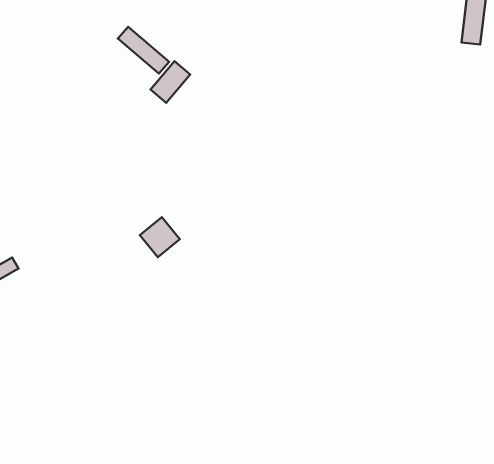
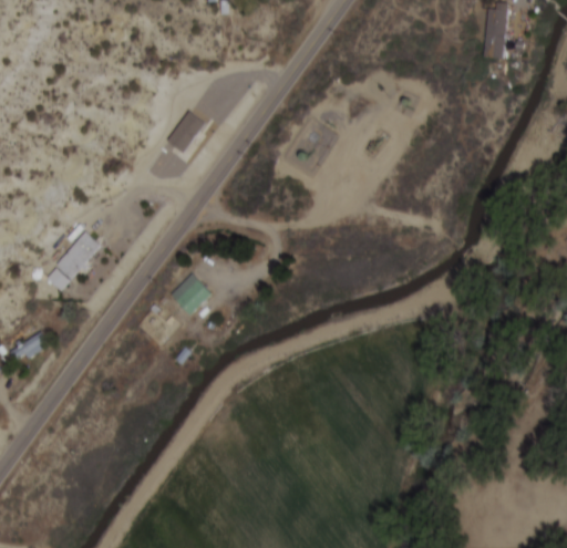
building: [118,27,169,73] -> none
building: none -> [45,229,103,291]

